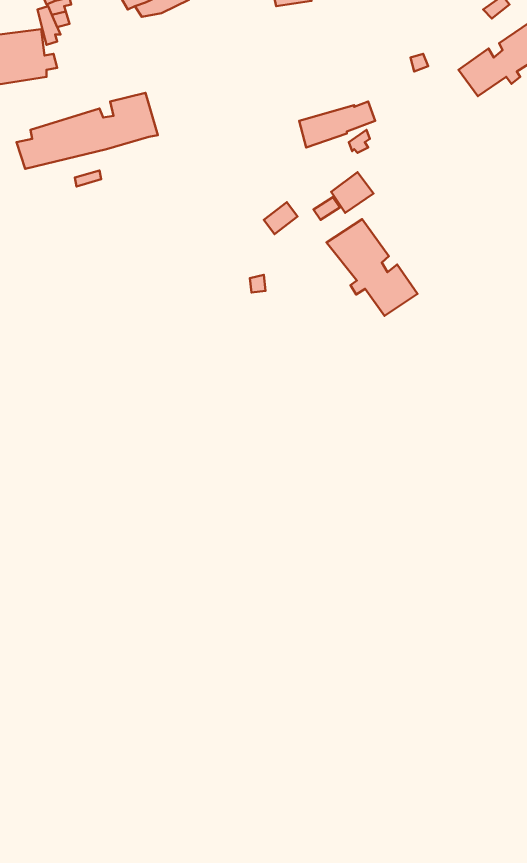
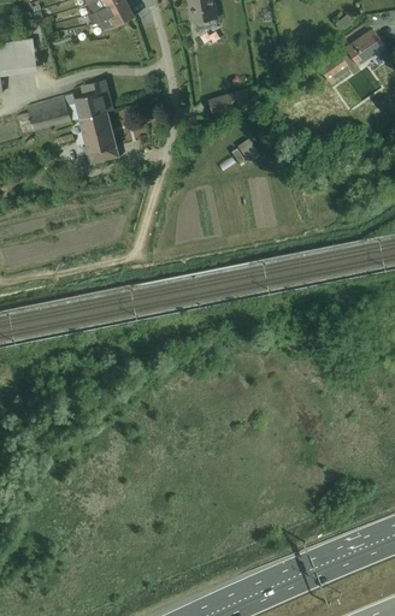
building: none -> [78,111,119,164]
building: [327,219,417,316] -> none

